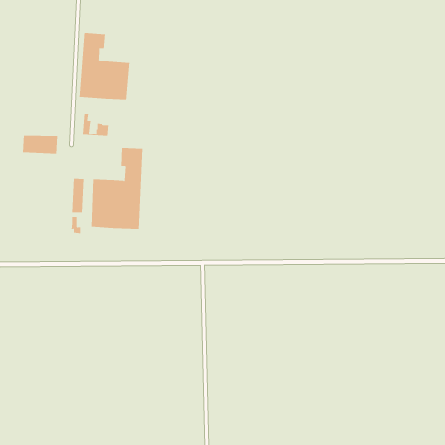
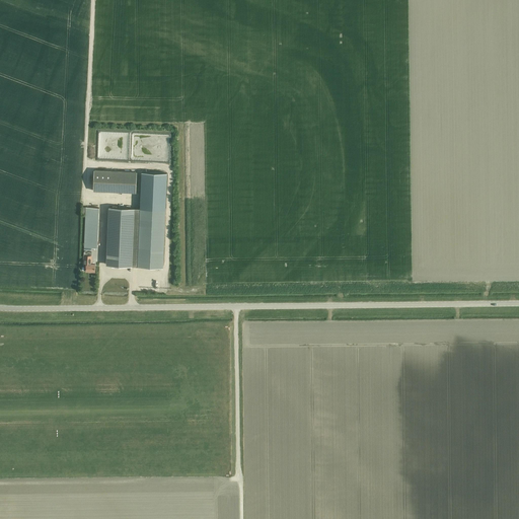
building: [79,32,130,101] -> none
building: [22,135,58,154] -> [93,171,135,194]

